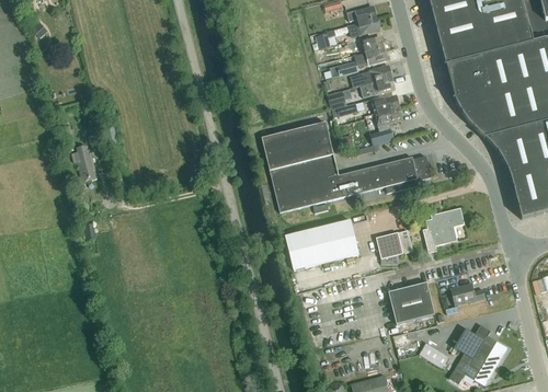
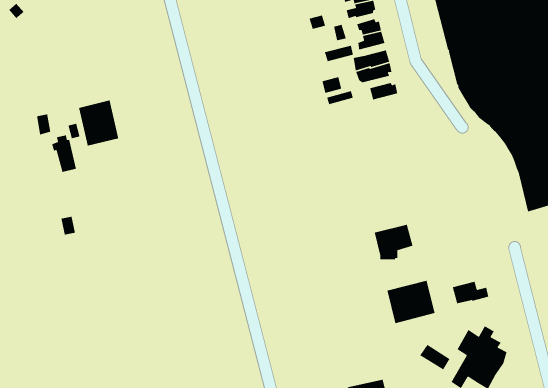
building: [370,106,401,143] -> none
building: none -> [78,99,119,147]
building: [261,122,431,218] -> none
building: [422,207,464,252] -> none
building: [285,219,357,269] -> none

